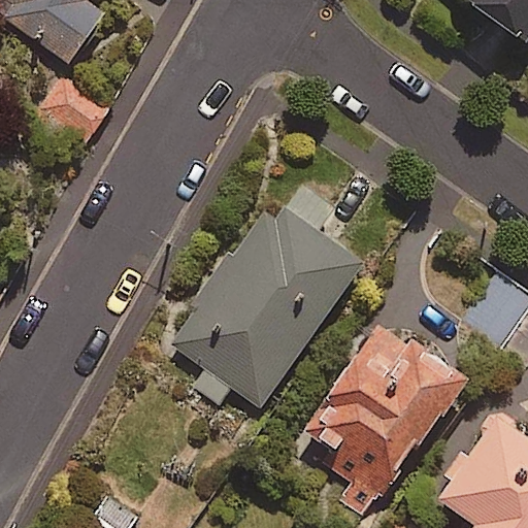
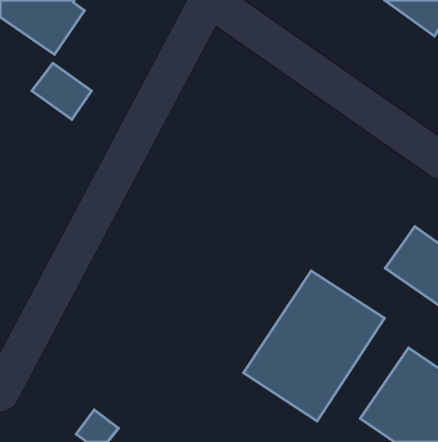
building: [172,187,362,407] -> none

